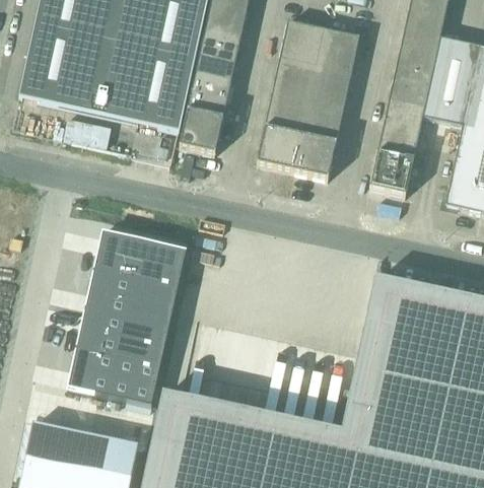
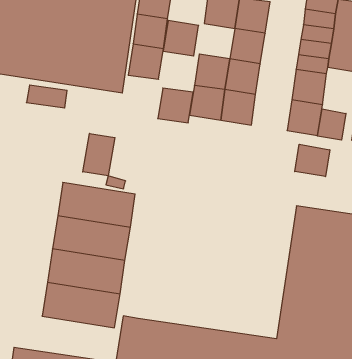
building: [273,55,317,98] -> [163,20,199,56]
building: [180,110,223,152] -> [158,88,193,123]
building: none -> [317,109,346,140]
building: none -> [83,133,115,176]
building: none -> [295,144,330,177]

